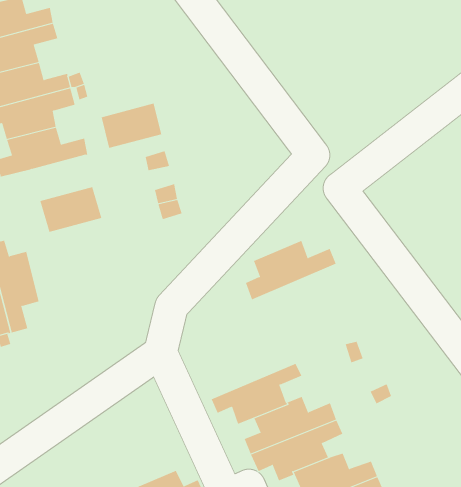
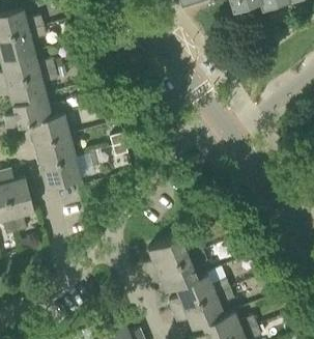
building: [101,103,162,149] -> [29,116,69,146]
building: none -> [40,158,81,190]
building: [245,240,336,300] -> [143,237,203,277]

